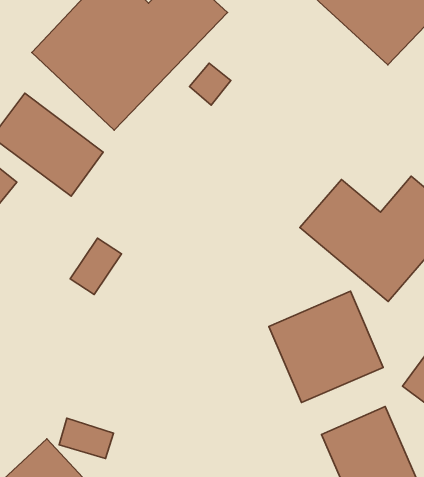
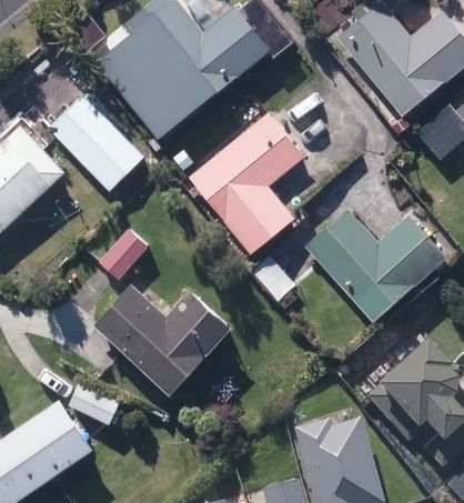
building: none -> [189,113,302,254]
building: [269,291,383,403] -> none
building: none -> [93,284,229,394]

